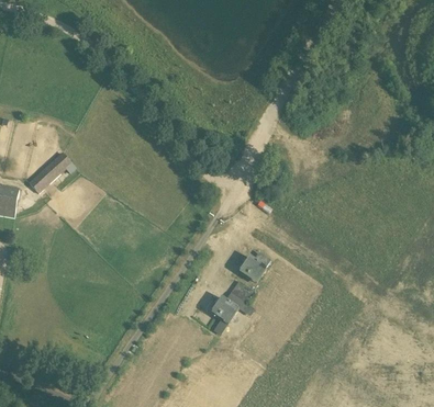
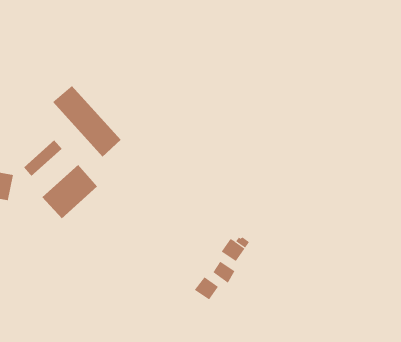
building: none -> [52,85,121,158]
building: none -> [42,164,98,219]

